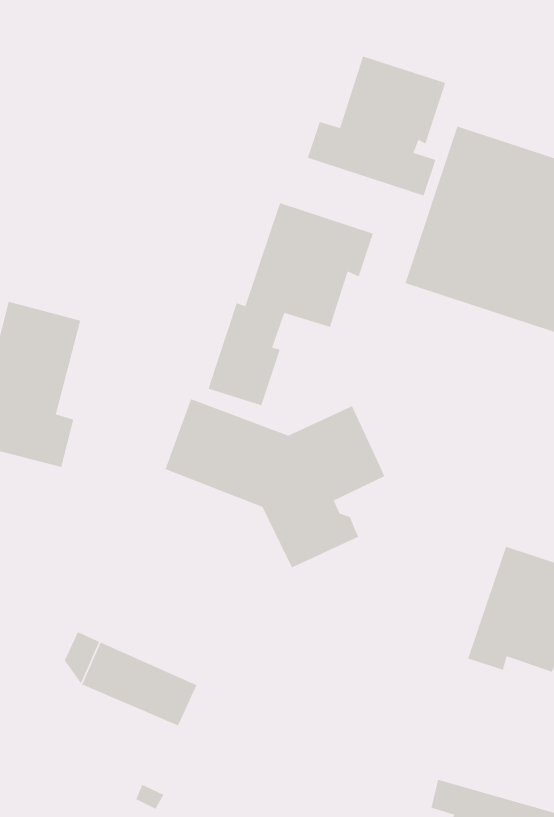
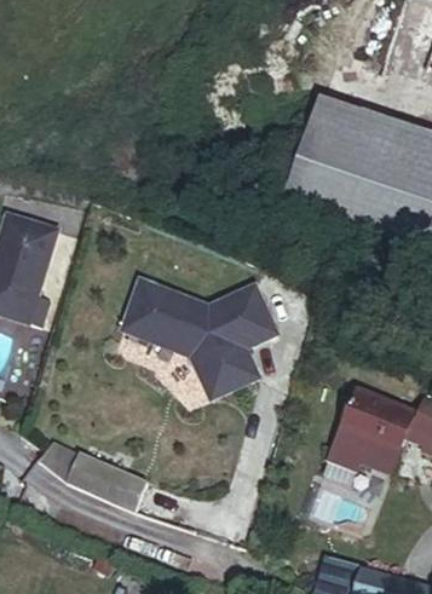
building: [307,55,446,197] -> none
building: [208,202,374,406] -> none

